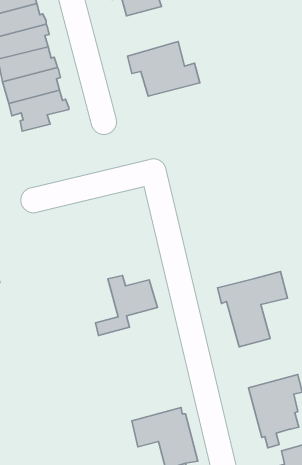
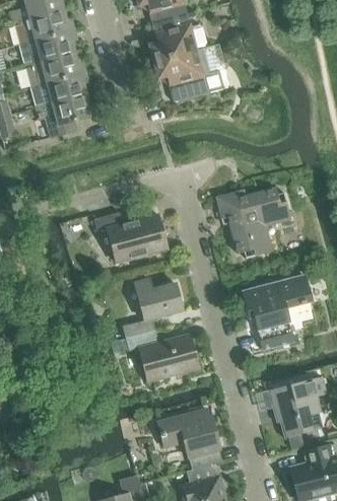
building: none -> [148,12,205,63]
building: none -> [223,188,290,258]
building: none -> [93,212,166,263]
building: none -> [110,330,198,381]

